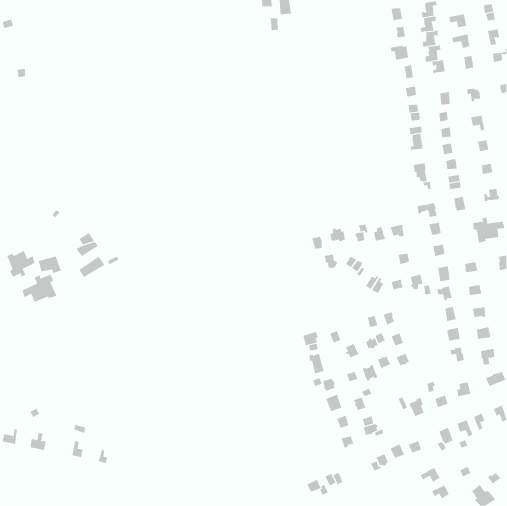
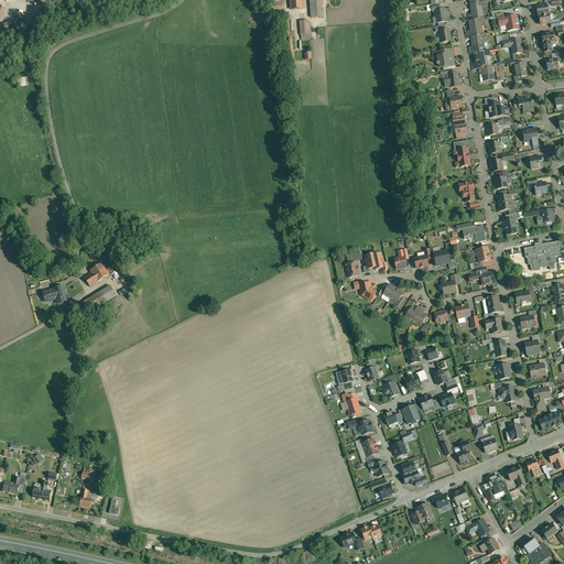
building: [6,250,35,277] -> none
building: [22,274,57,303] -> none

